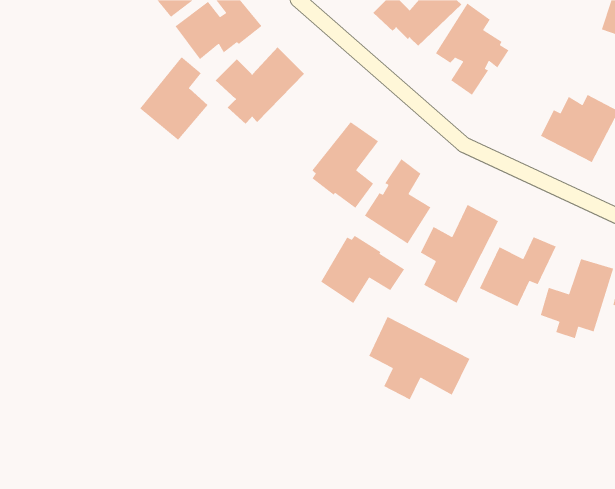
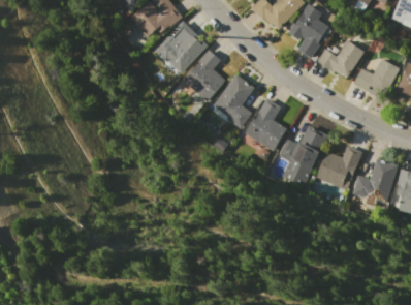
building: [139,56,209,141] -> [182,49,224,100]
building: none -> [317,40,362,79]
building: [320,235,405,304] -> none
building: [368,316,471,401] -> none

